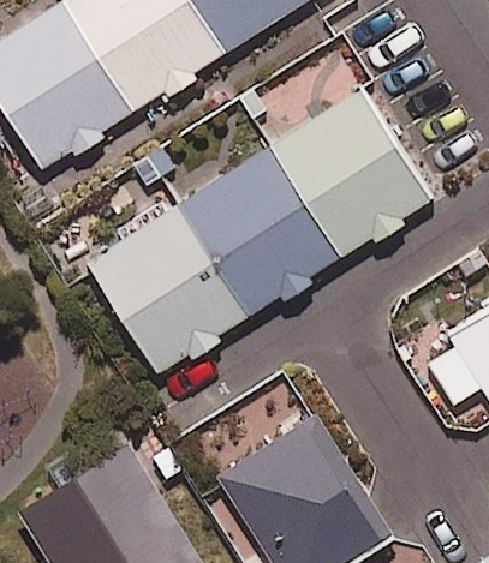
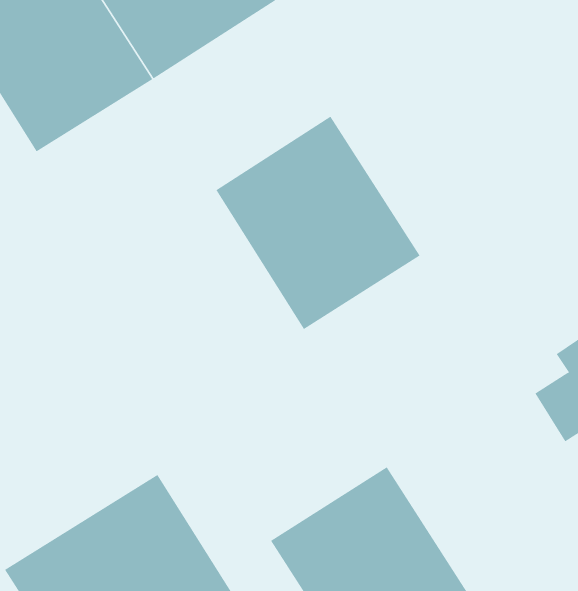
building: [270,85,434,253] -> none
building: [80,205,243,373] -> none

